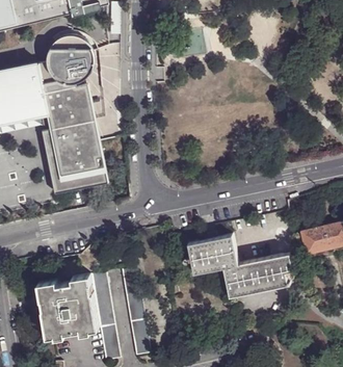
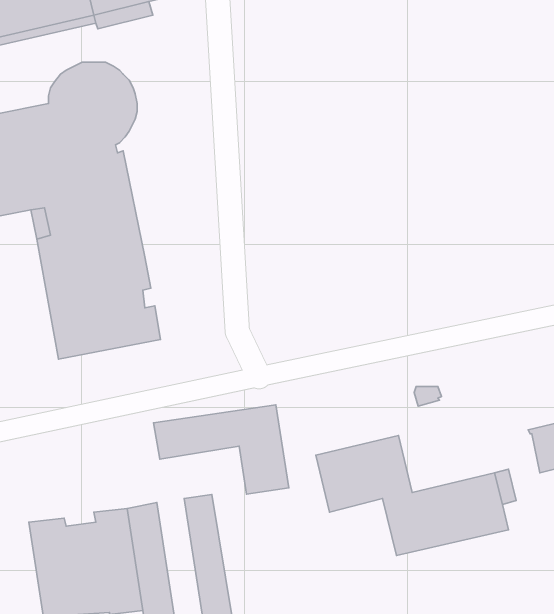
building: none -> [153,405,289,494]

